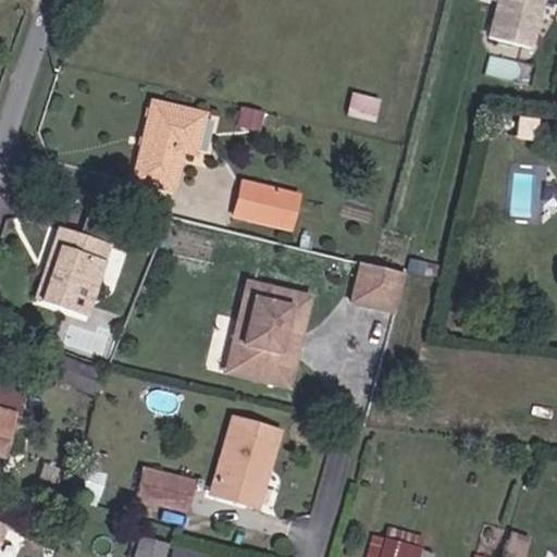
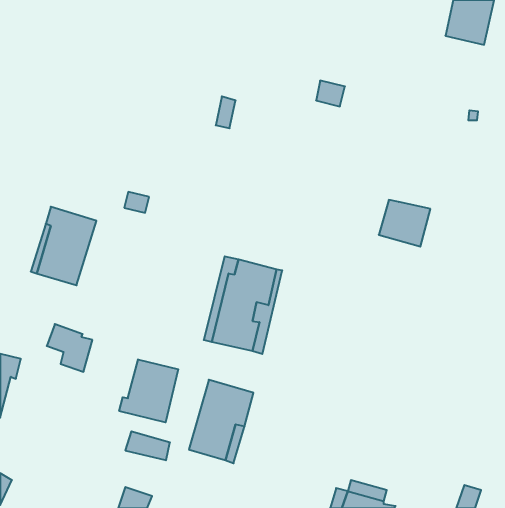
building: [133,100,208,189] -> none
building: [235,182,298,227] -> none
building: [352,261,409,312] -> [379,200,430,247]
building: none -> [119,359,178,422]

